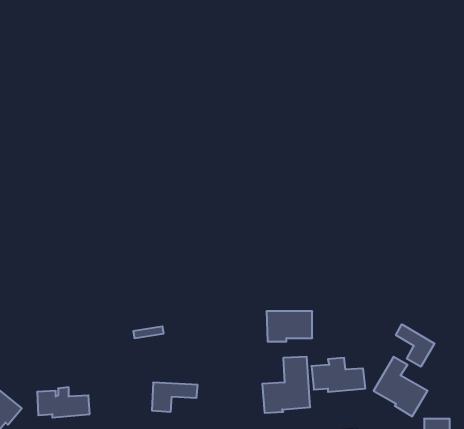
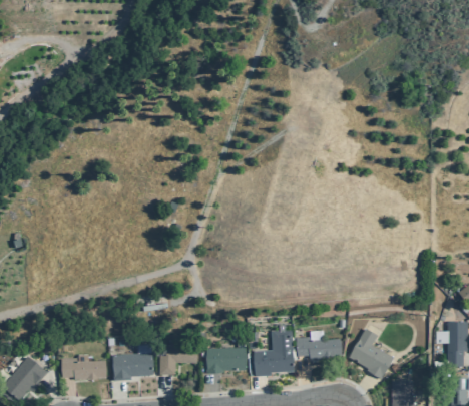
building: [266,311,312,342] -> [206,348,246,374]
building: [396,324,435,367] -> none
building: none -> [110,343,154,382]

